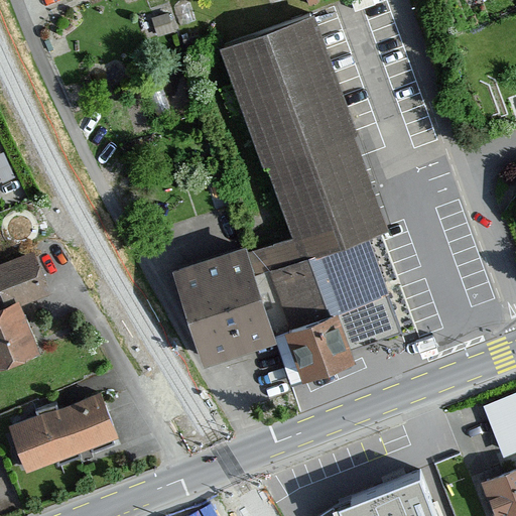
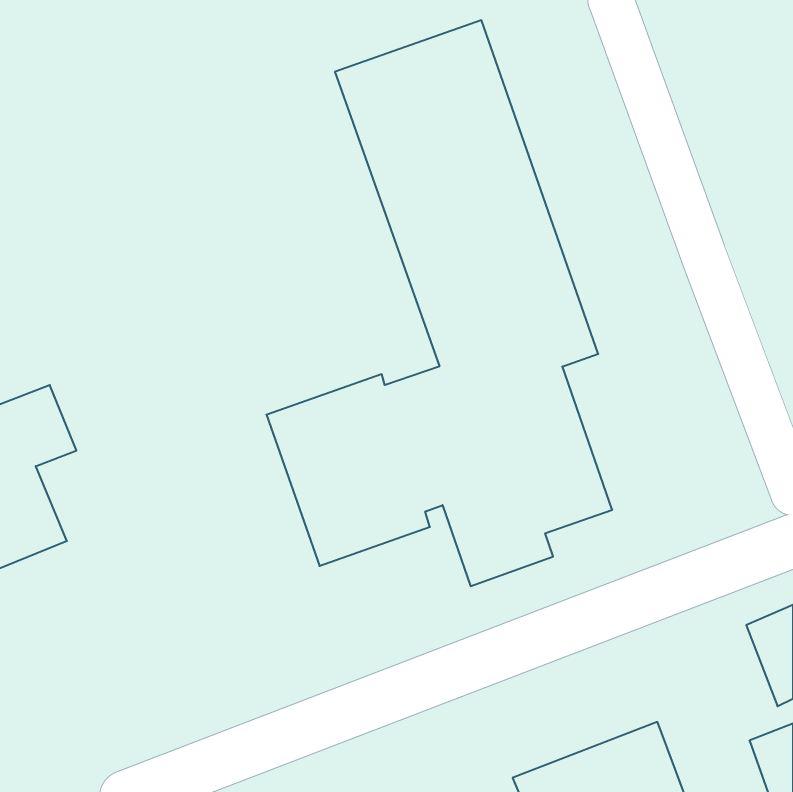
building: [9,392,119,474] -> none

